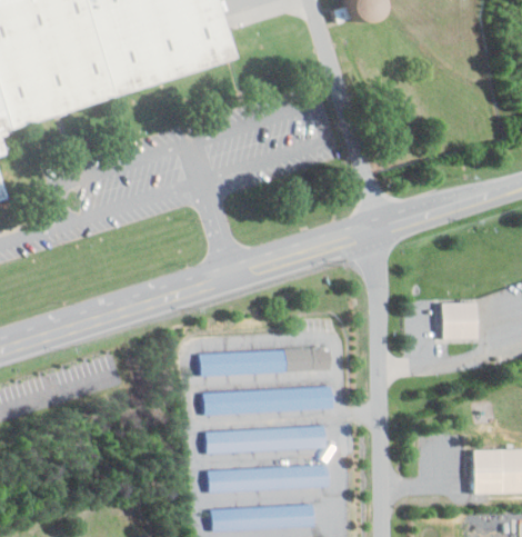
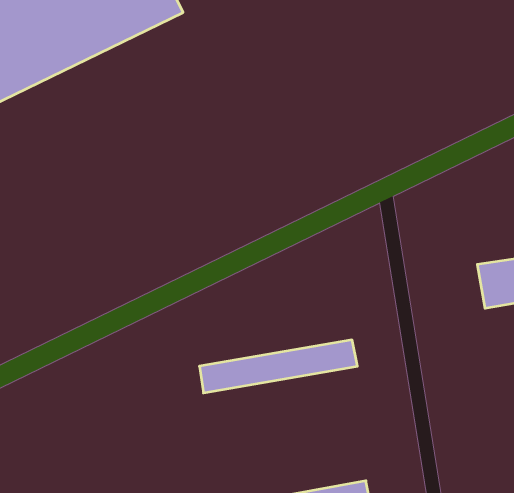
building: [207,386,334,412] -> none
building: [208,425,325,453] -> none

